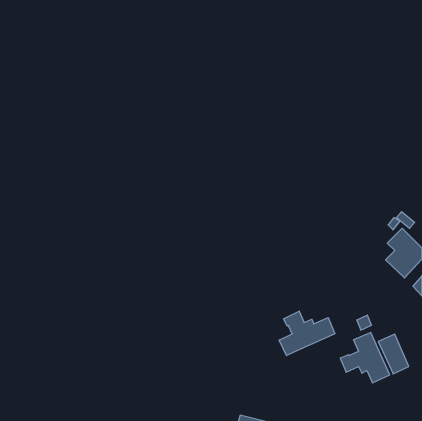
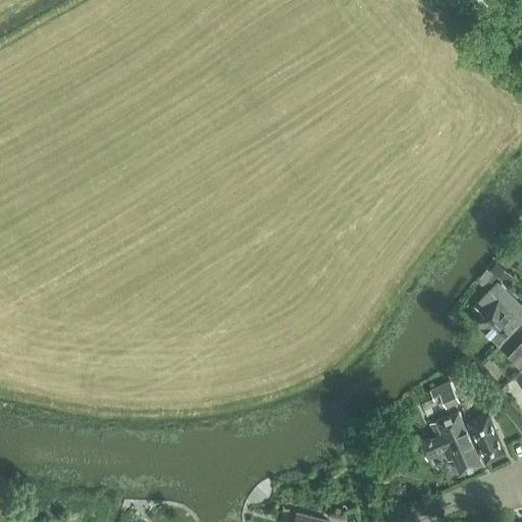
building: [279,311,335,356] -> none

